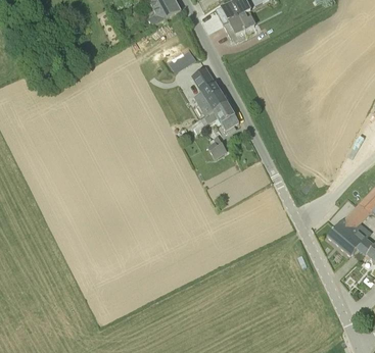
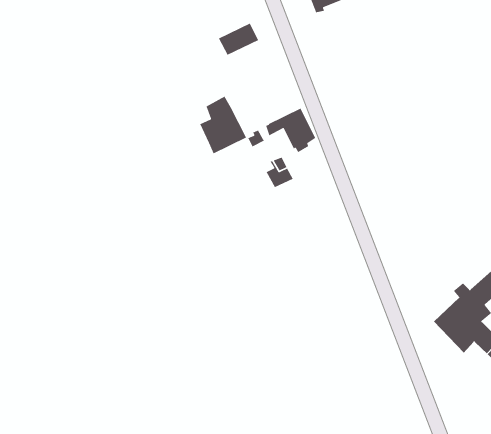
building: [194,74,227,114] -> [199,96,247,155]

